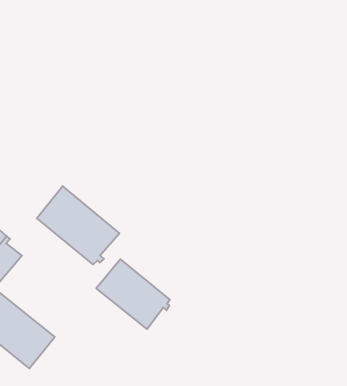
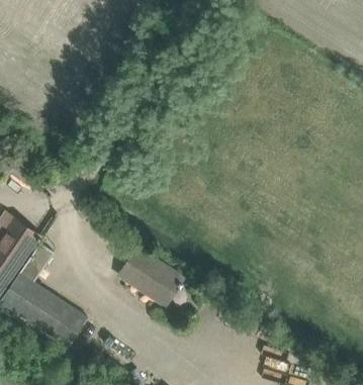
building: [37,186,119,264] -> none

